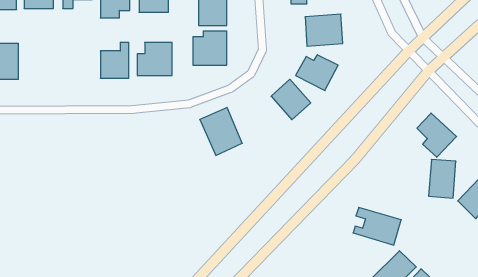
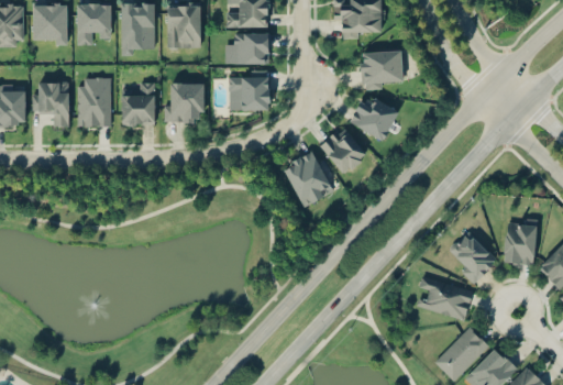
building: none -> [78,78,111,127]
building: none -> [33,83,69,127]
building: [200,107,242,155] -> [283,151,332,207]
building: [417,113,457,157] -> [451,232,497,284]

